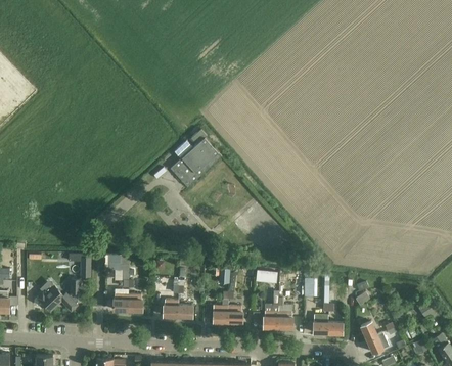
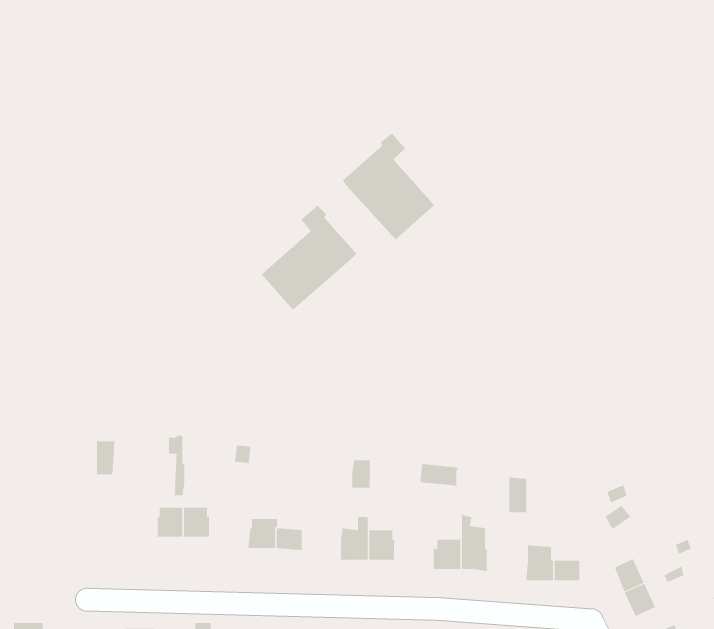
building: none -> [342,133,435,240]
building: [37,280,80,312] -> none

